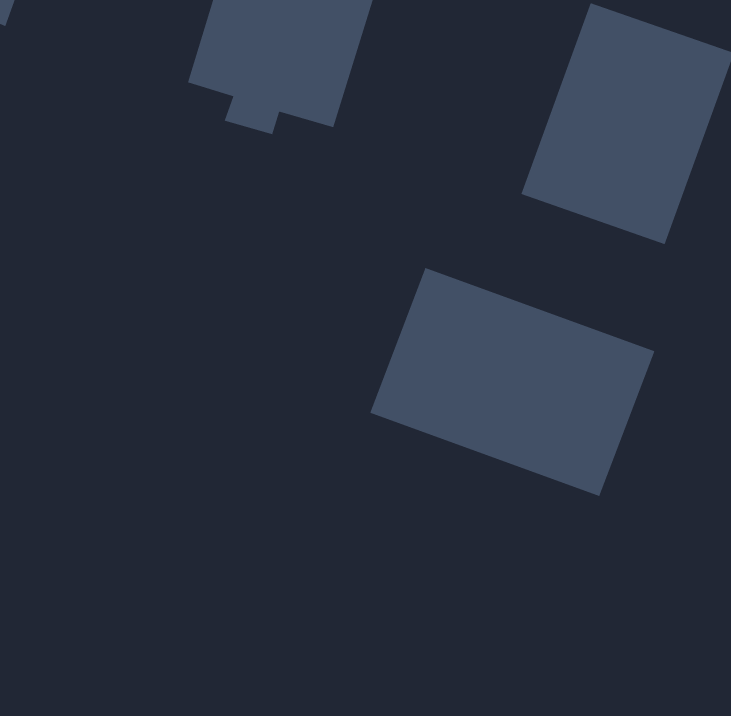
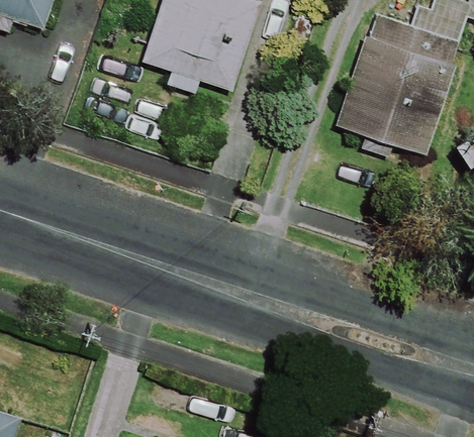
building: [370,267,655,497] -> none

